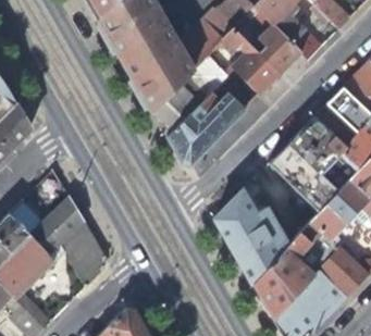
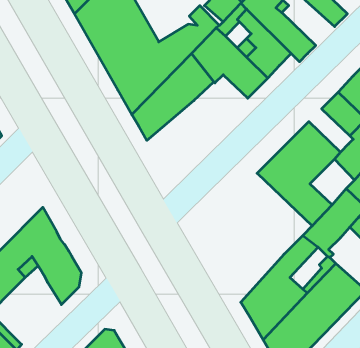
building: [165,92,244,165] -> none
building: [214,191,293,284] -> none

